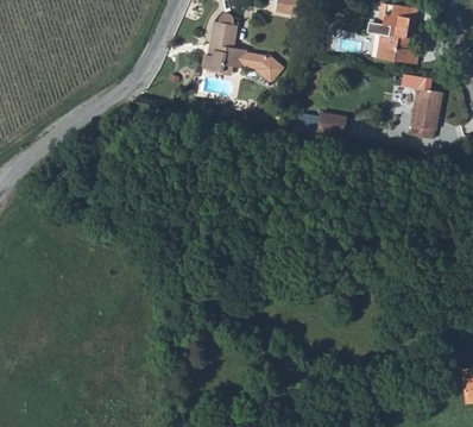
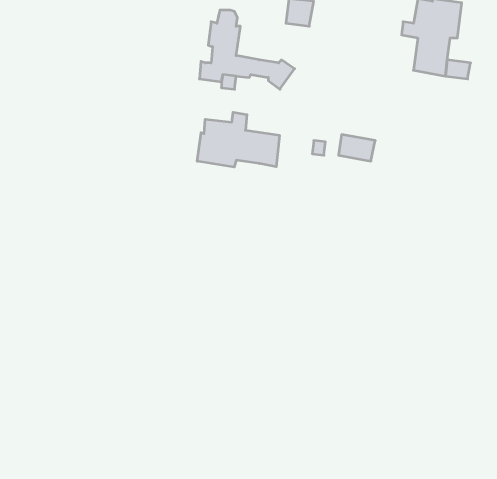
building: [410,87,439,138] -> none
building: none -> [197,112,279,167]

